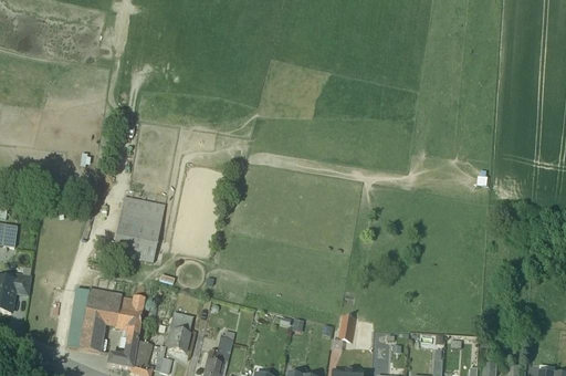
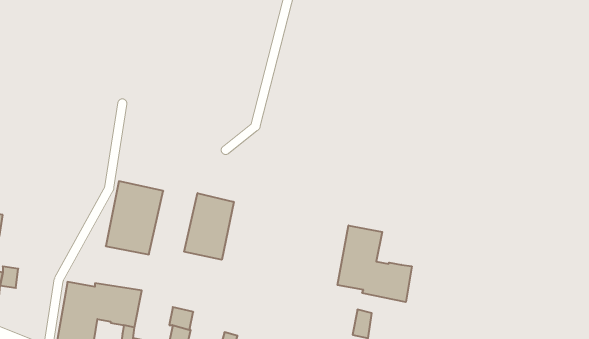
building: none -> [184,193,234,260]
building: none -> [338,225,412,302]

